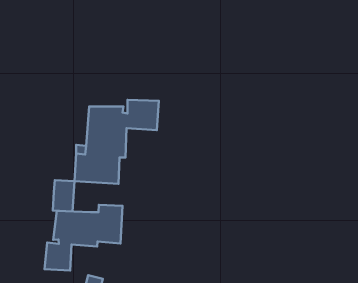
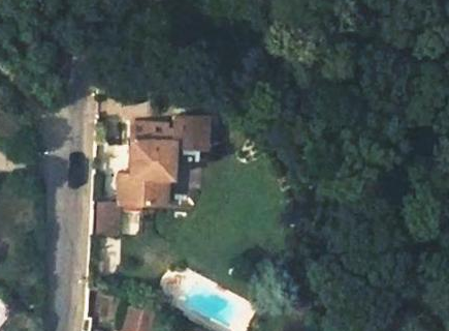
building: [45,205,123,270] -> none

